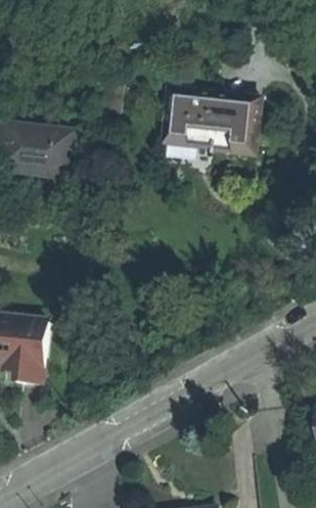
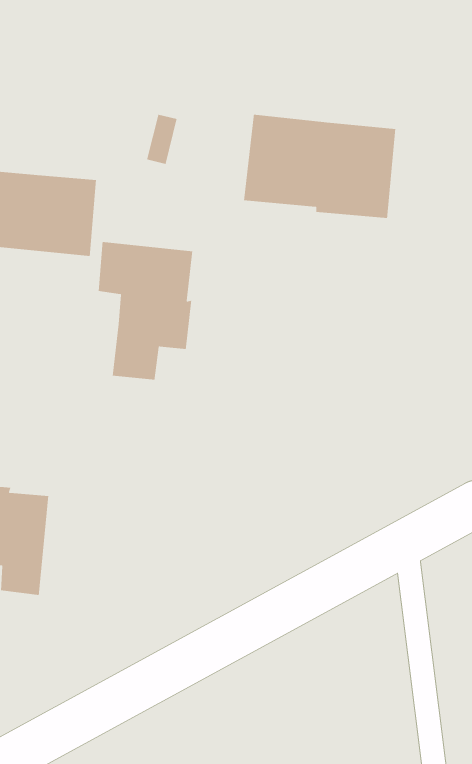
building: none -> [98,241,193,380]

